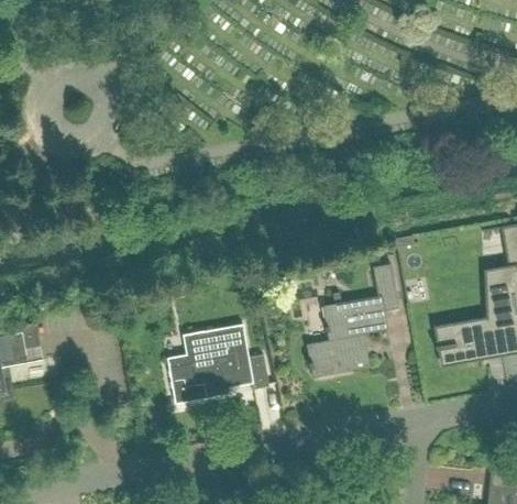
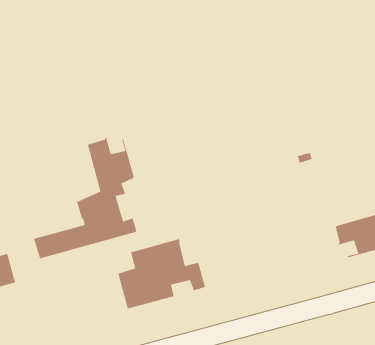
building: none -> [33,137,137,259]
building: [305,264,397,377] -> none

